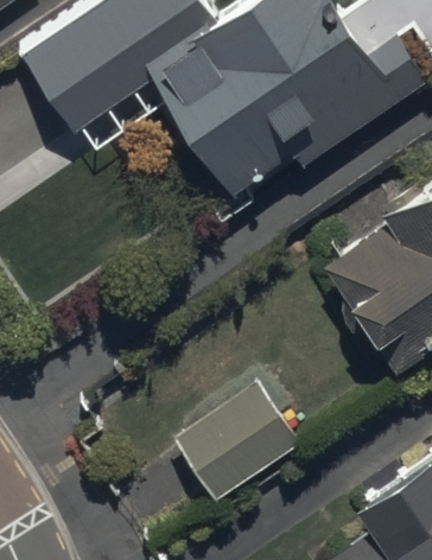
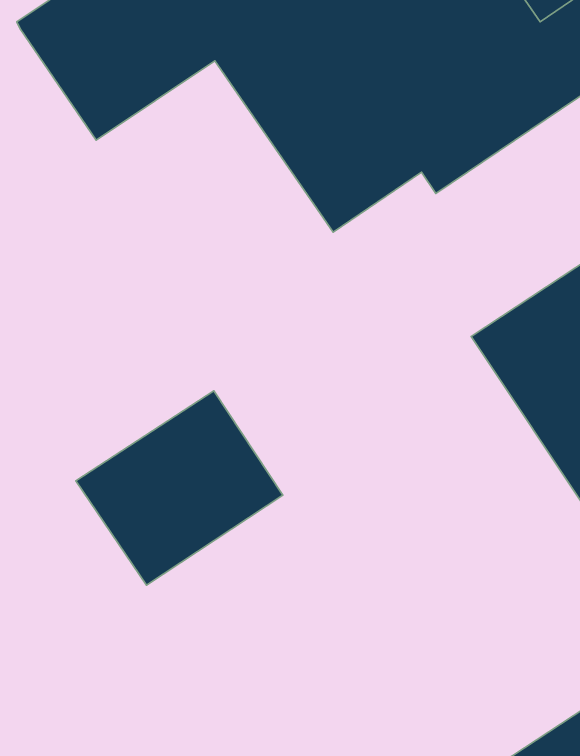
building: [171,378,310,509] -> [76,391,283,585]

